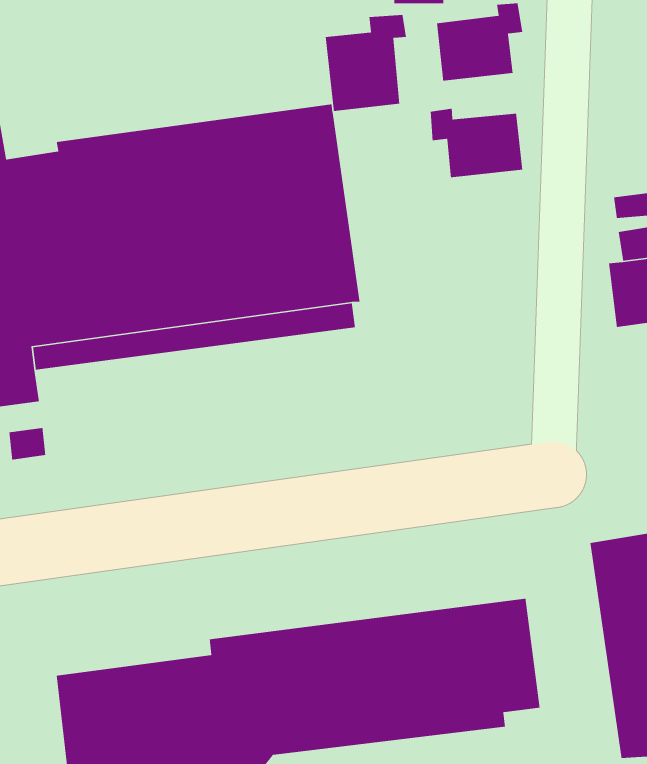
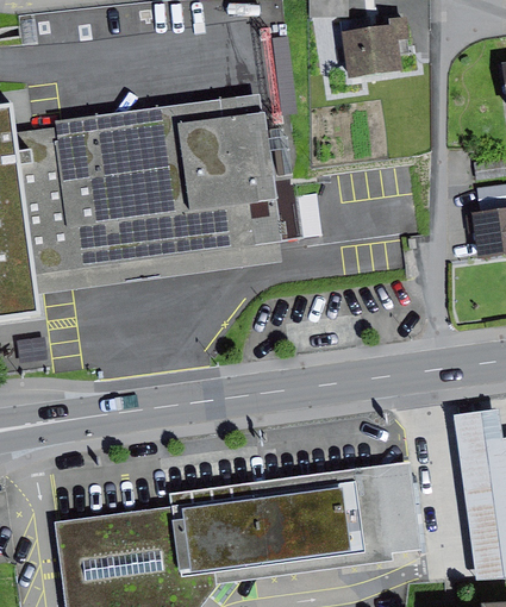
building: [325,14,407,112] -> none
building: [430,108,523,178] -> none

